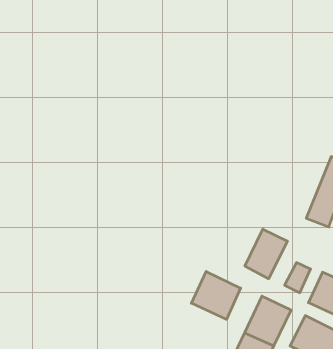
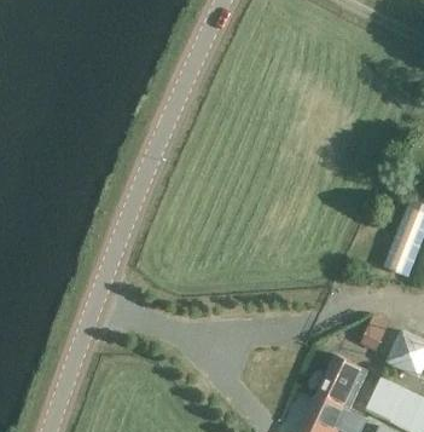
building: [245,229,287,279] -> none
building: [191,271,241,319] -> none

